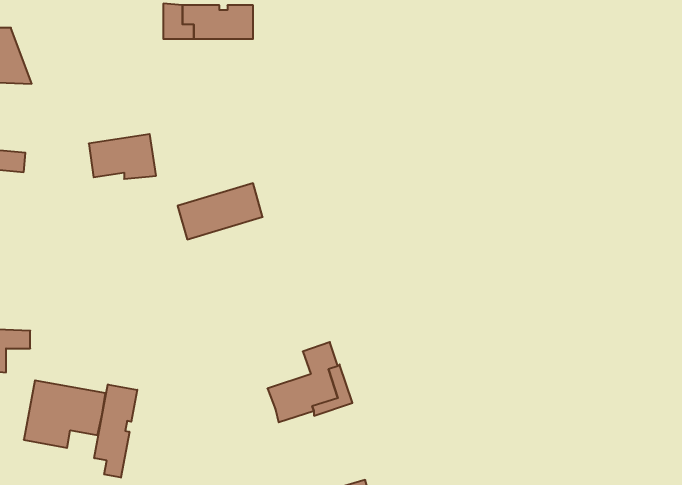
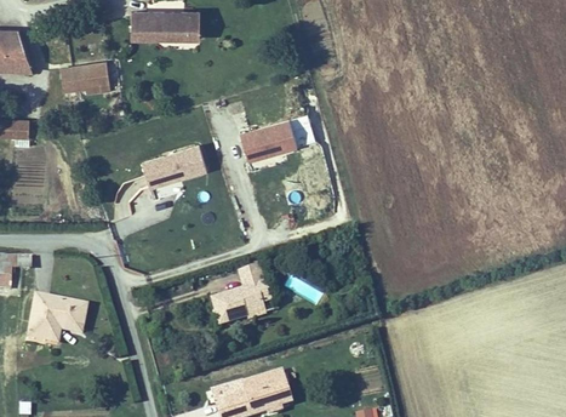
building: [89,134,156,179] -> [59,59,110,93]
building: none -> [241,119,298,160]
building: [94,384,137,478] -> none

